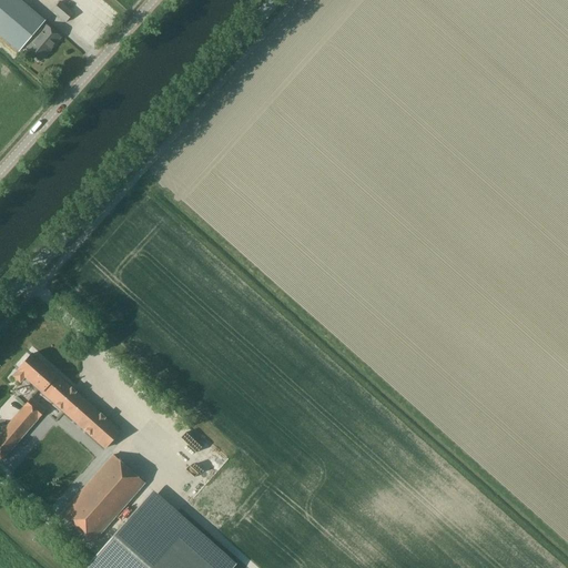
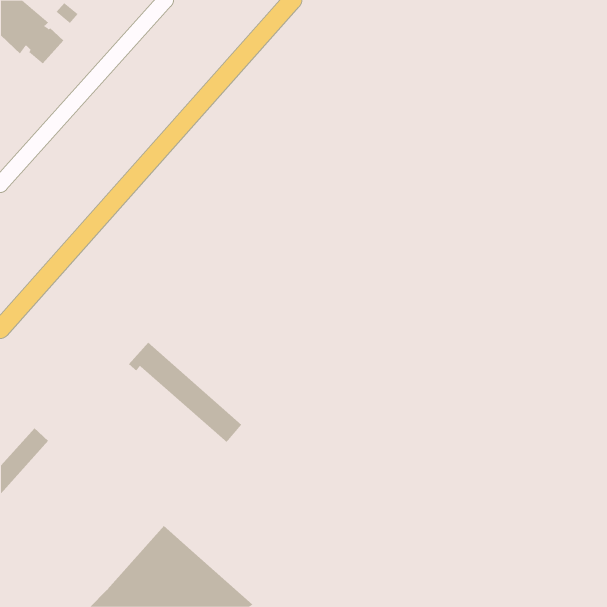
building: [12,355,119,449] -> [128,342,242,443]
building: [61,456,143,541] -> none

